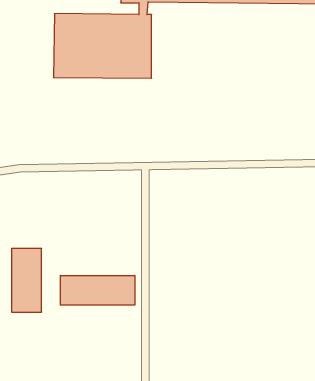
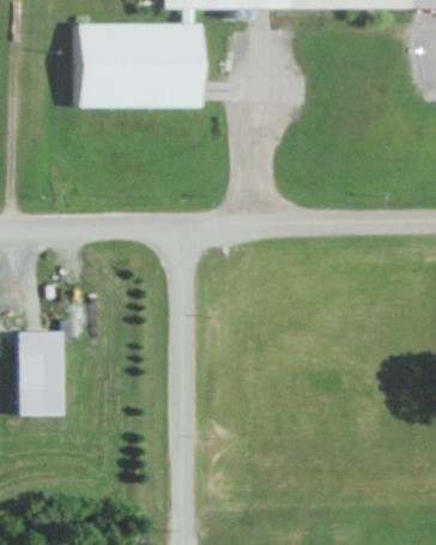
building: [60,275,135,305] -> none

